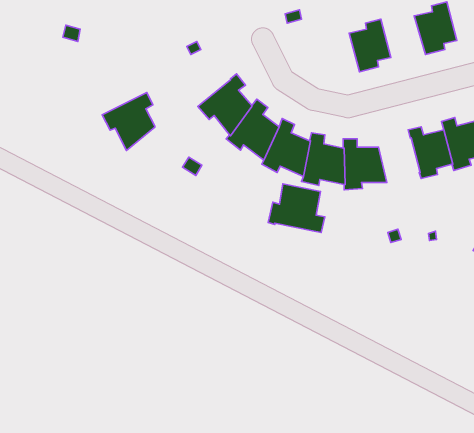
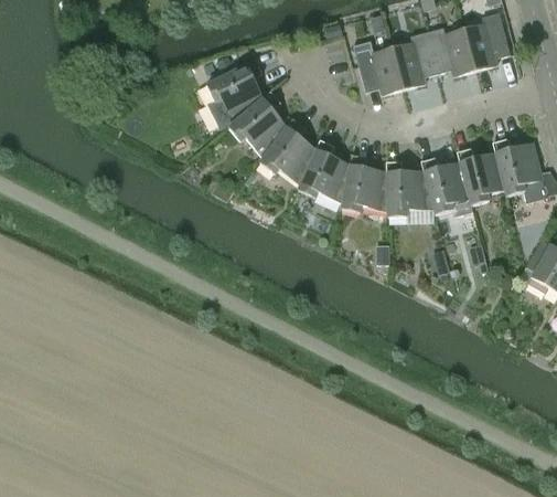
building: none -> [427,27,475,76]
building: none -> [353,40,404,95]
building: [102,92,155,150] -> [206,60,264,123]
building: none -> [421,157,470,214]
building: [268,184,325,232] -> none

